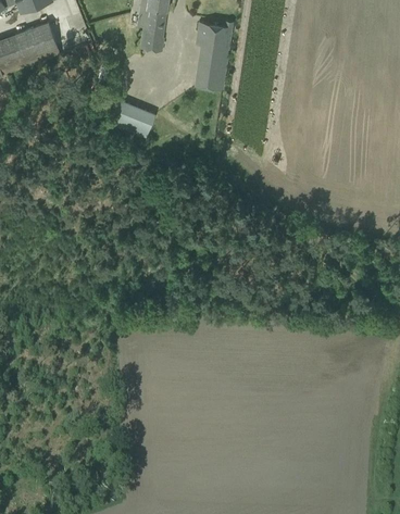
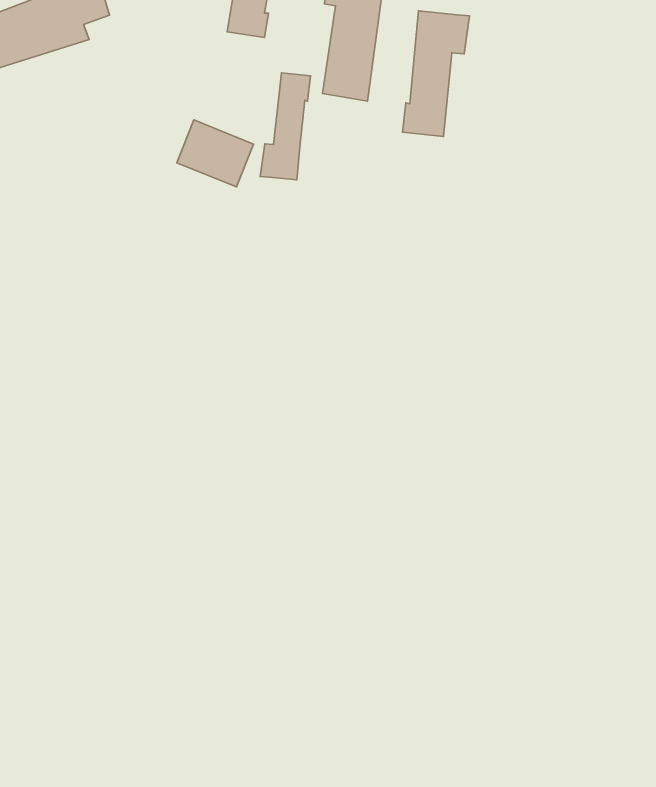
building: none -> [403,11,470,136]
building: none -> [260,73,310,180]

